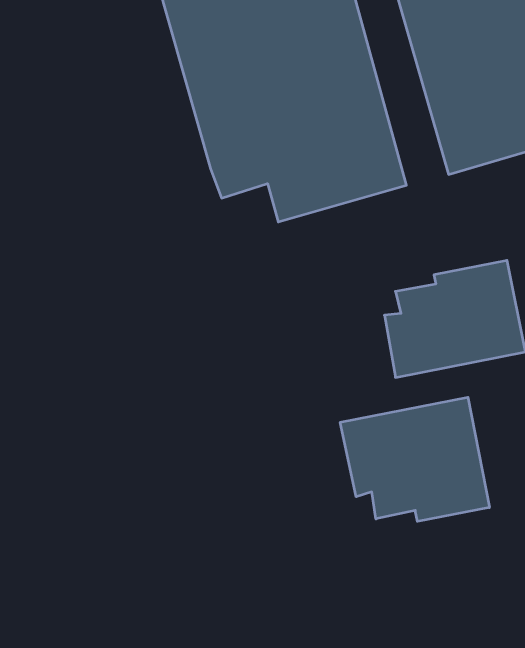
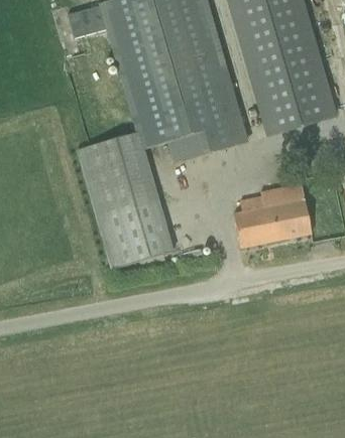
building: none -> [79,132,172,268]
building: [340,397,489,521] -> none

